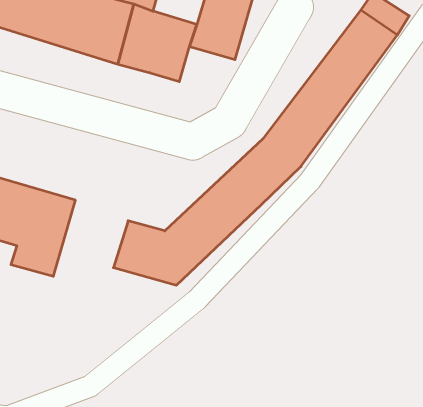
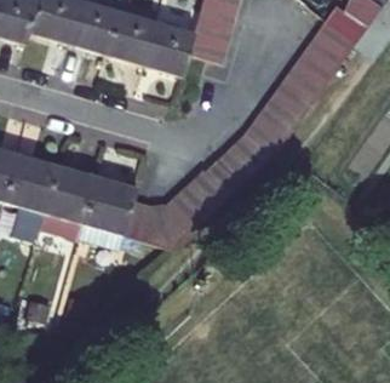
building: none -> [73,178,136,255]

